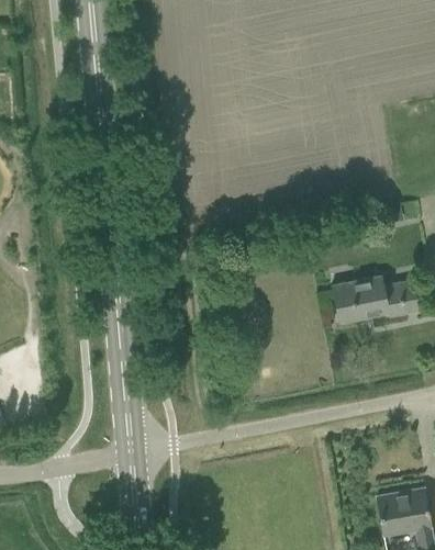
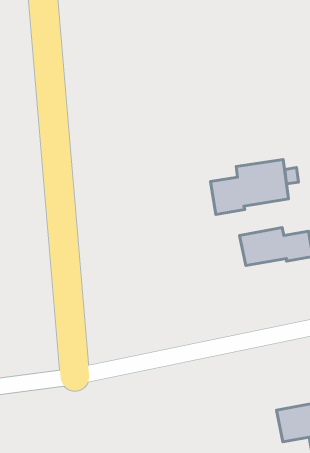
building: none -> [210,159,289,215]

